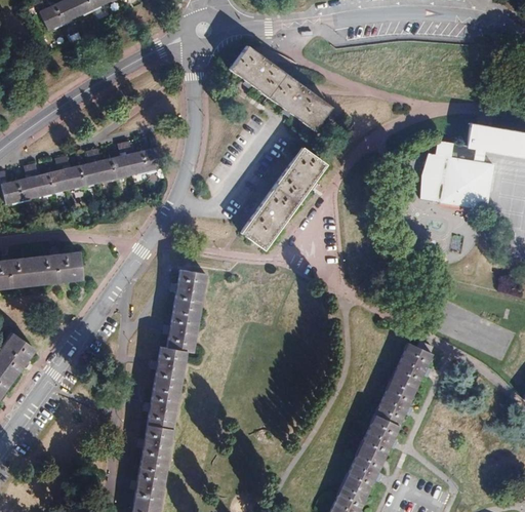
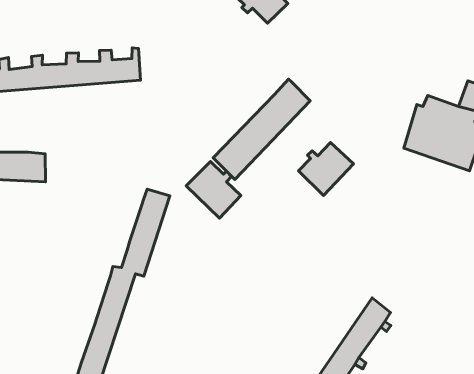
building: [275,76,339,134] -> none
building: none -> [298,142,354,195]
building: none -> [186,161,241,218]

